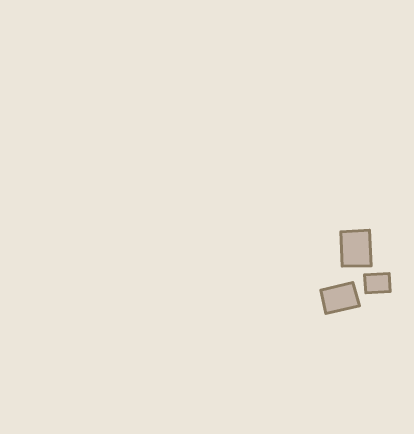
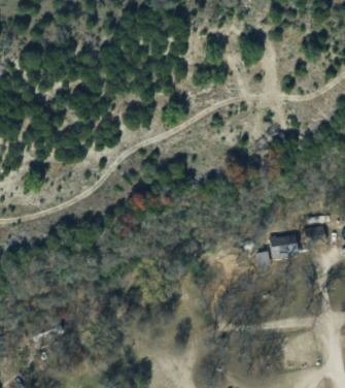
building: [341,230,371,266] -> none

